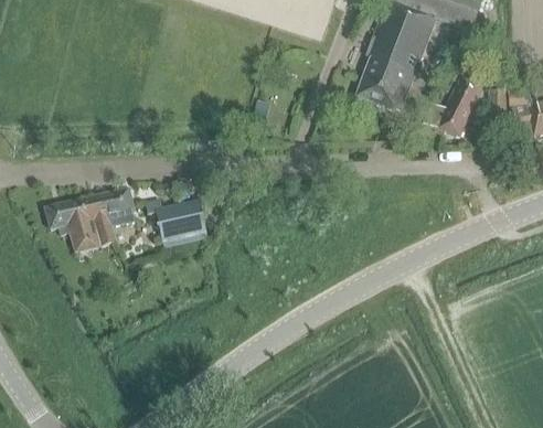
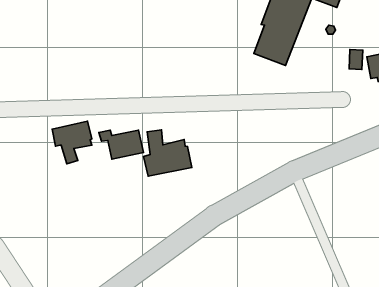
building: [423,75,482,138] -> none
building: [45,200,99,253] -> none
building: none -> [143,130,192,176]

